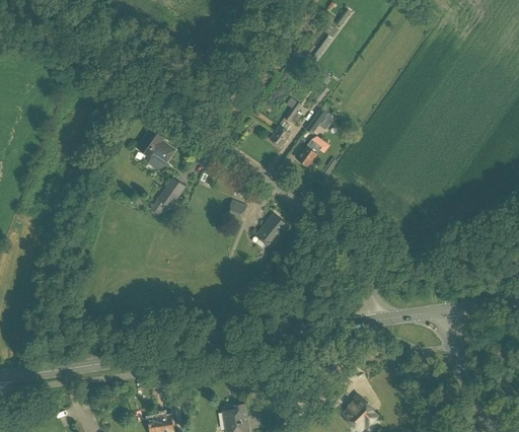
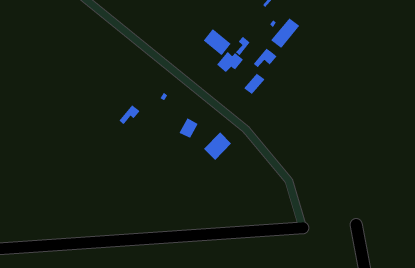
building: none -> [270,17,300,49]
building: none -> [203,28,231,56]
building: [137,129,175,169] -> none

